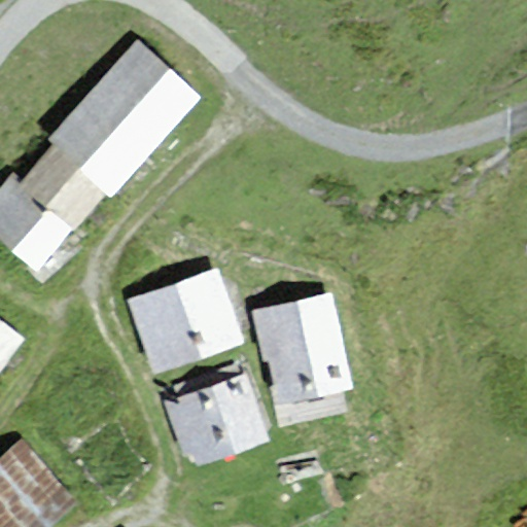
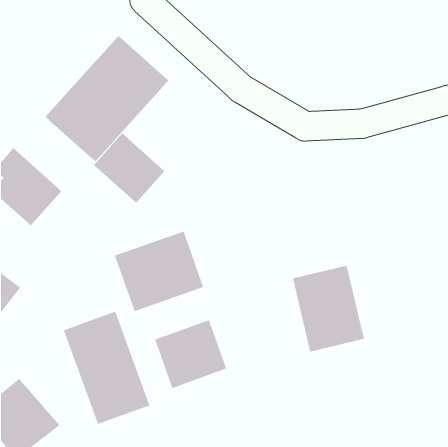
building: [23,142,107,225] -> [93,133,165,204]
building: [264,295,349,398] -> [292,265,365,352]
building: none -> [63,311,151,425]

